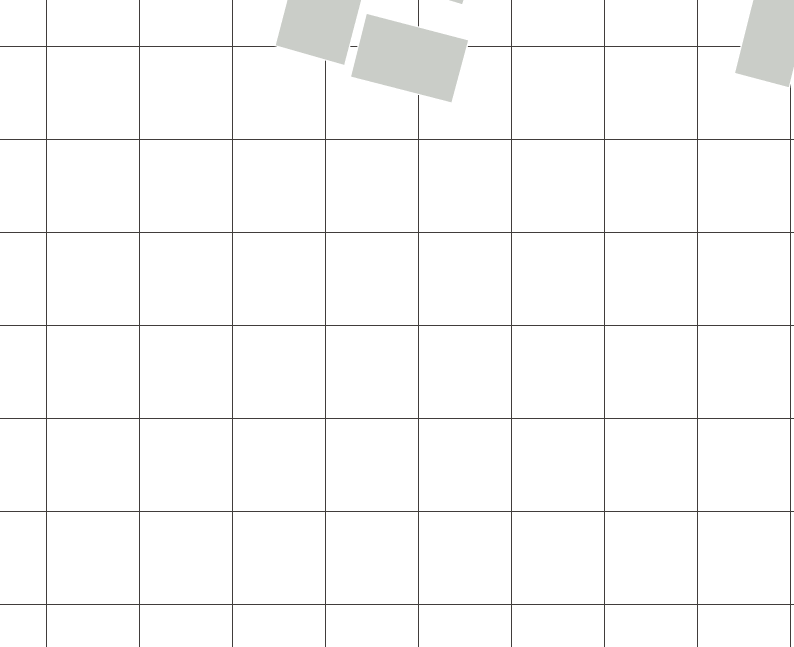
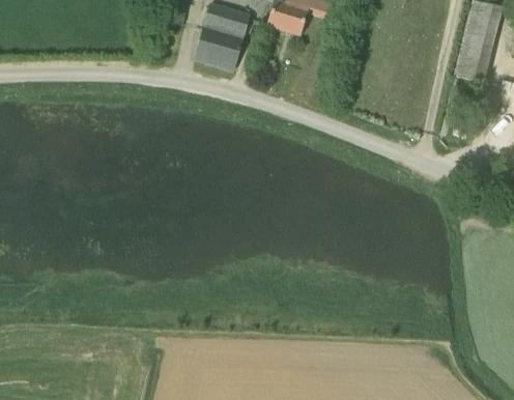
building: [351,13,469,103] -> none

